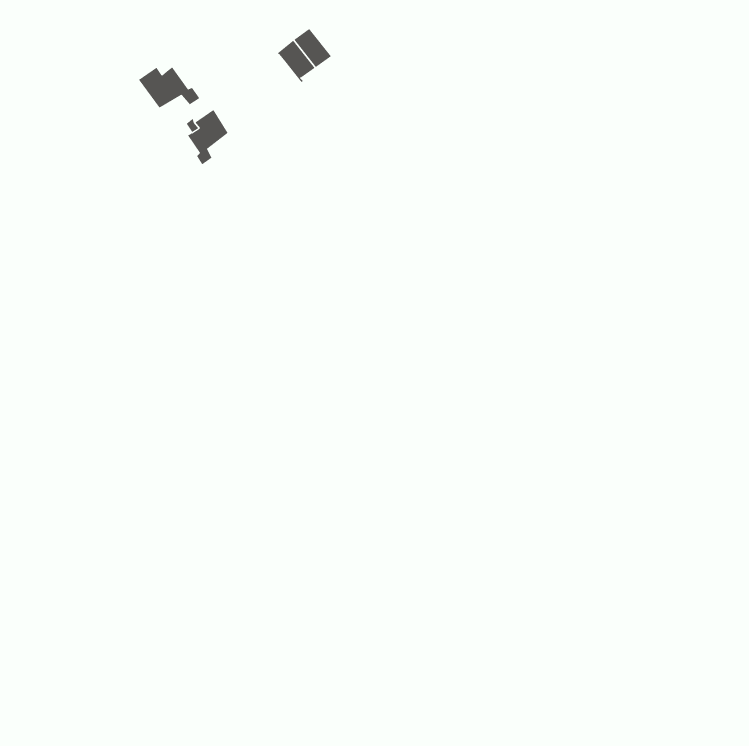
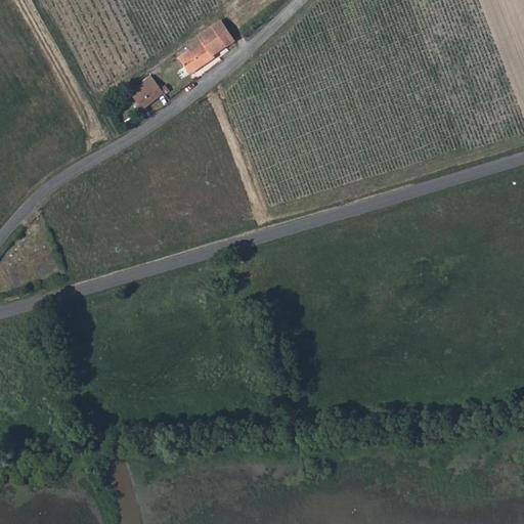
building: none -> [178,43,212,75]
building: [138,66,200,108] -> none

